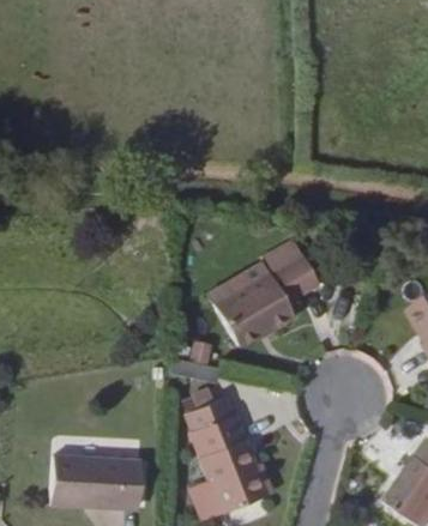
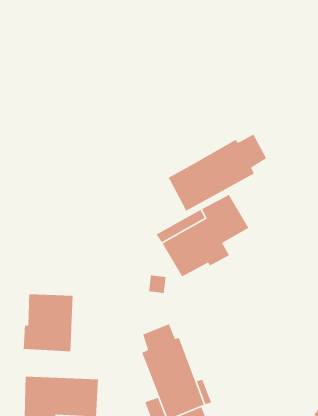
building: none -> [168,134,267,212]
building: none -> [23,294,74,352]

